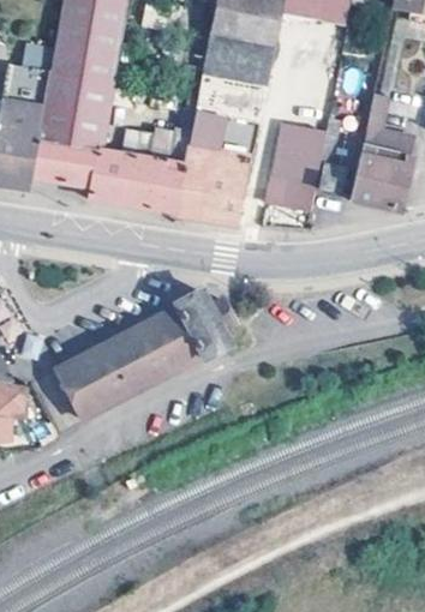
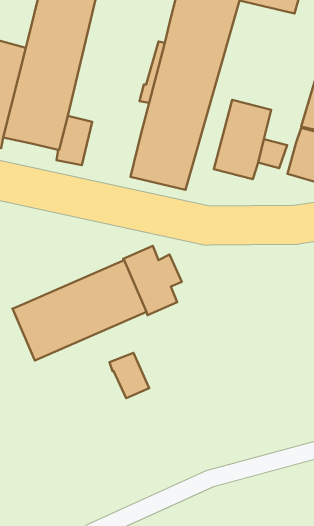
building: [120,127,184,211] -> none
building: none -> [109,353,149,398]

